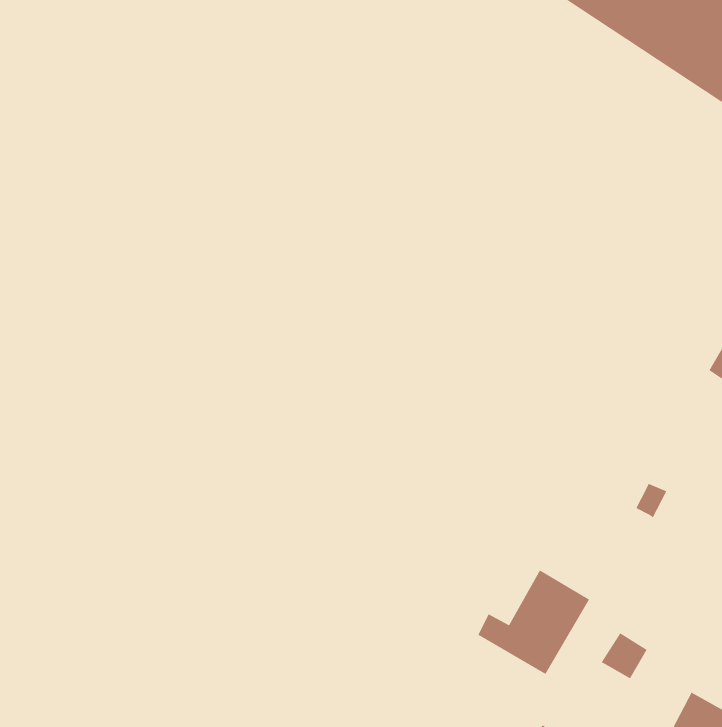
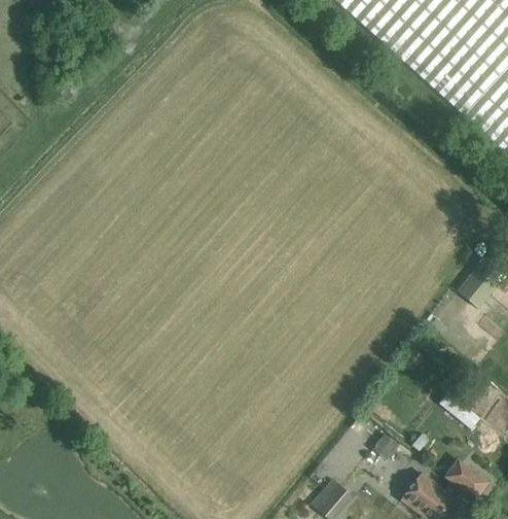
building: [478,569,590,675] -> none

